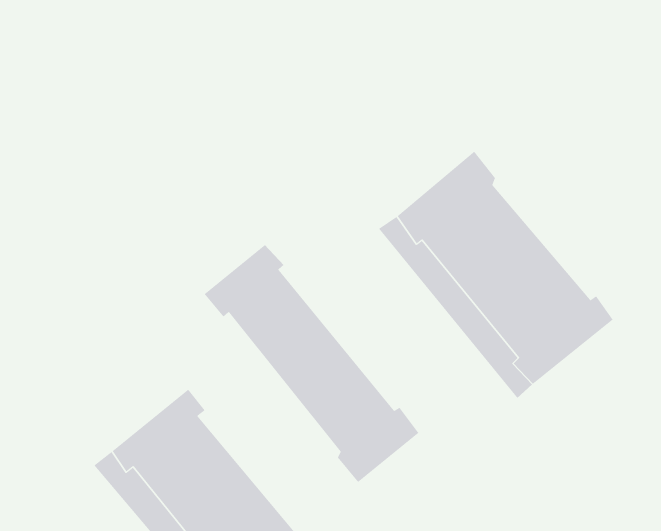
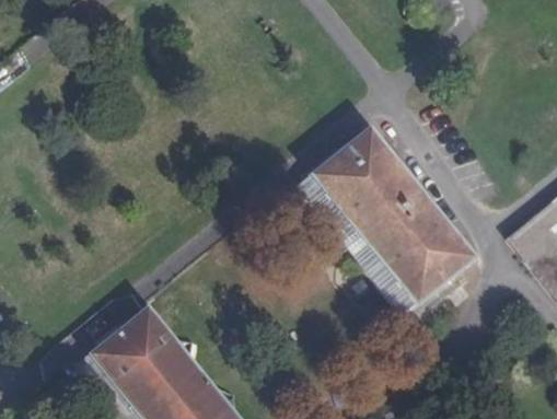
building: [204,244,419,483] -> none

